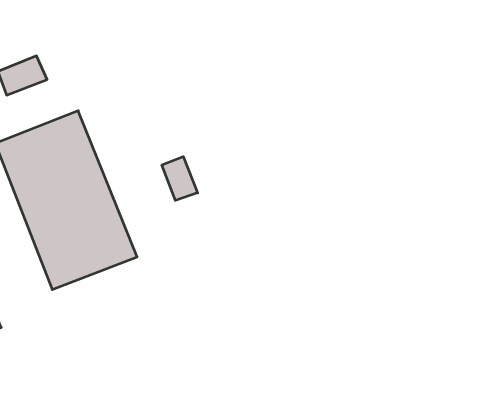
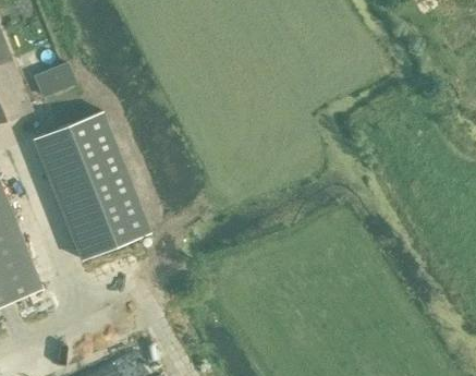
building: [162,157,198,200] -> none

